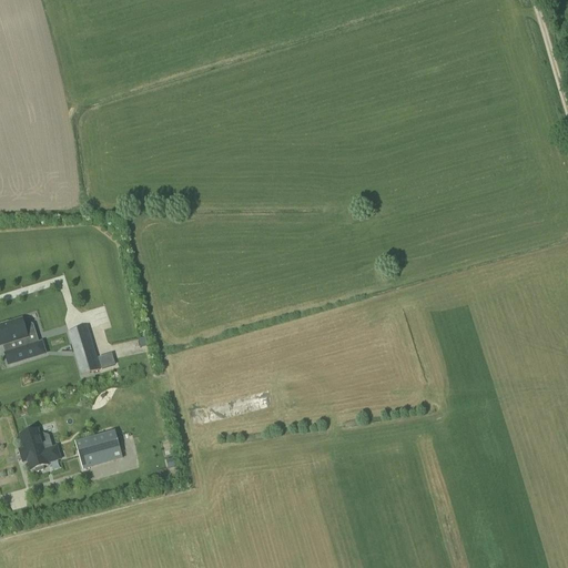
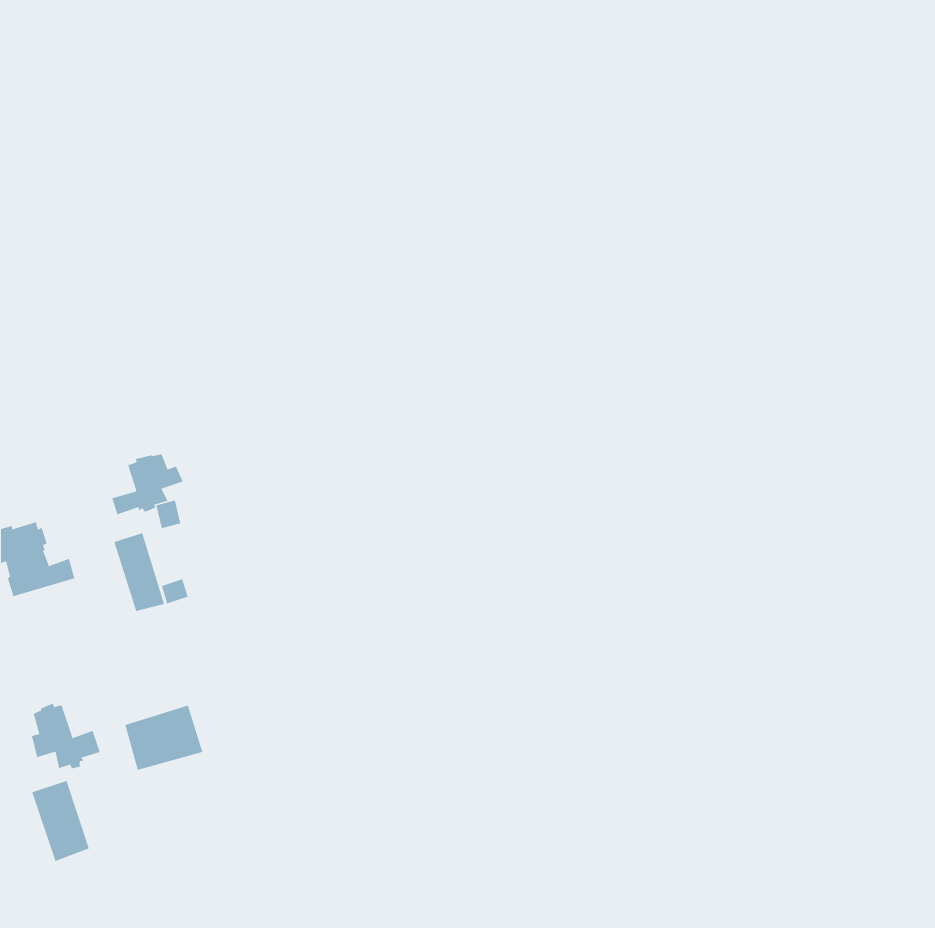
building: none -> [112,454,183,515]
building: none -> [32,780,89,862]

